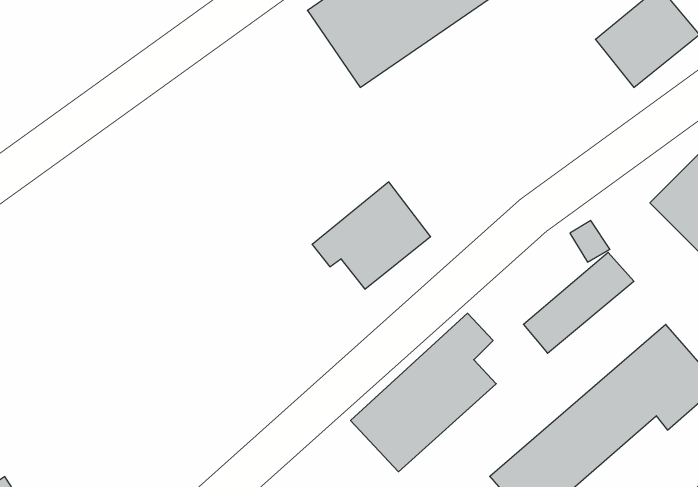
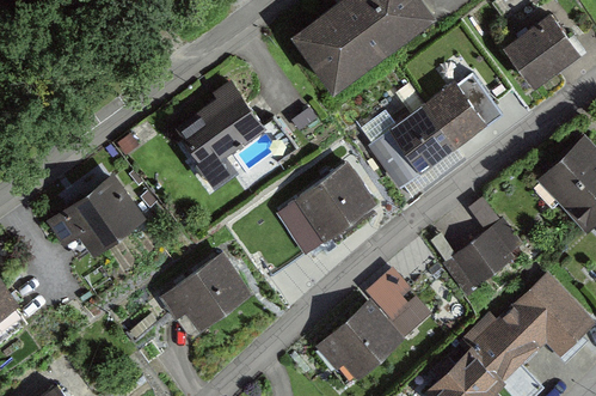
building: none -> [379,74,505,184]
building: none -> [176,89,263,175]
building: none -> [63,175,145,255]
building: none -> [161,257,252,336]

